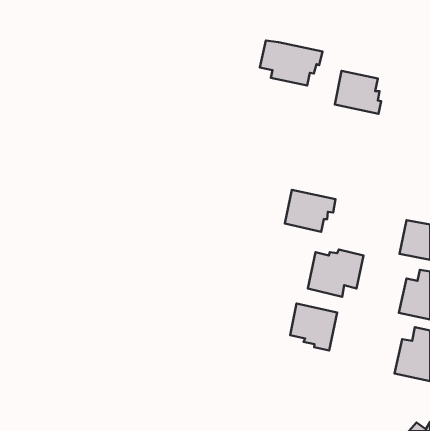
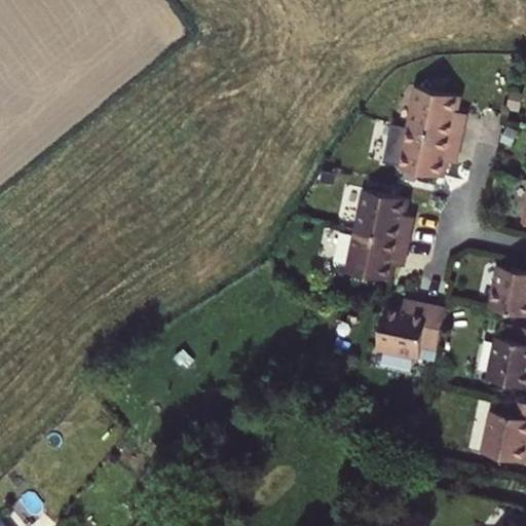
building: [260,41,322,85] -> [385,125,461,180]
building: none -> [355,191,412,242]
building: [290,304,337,350] -> none

